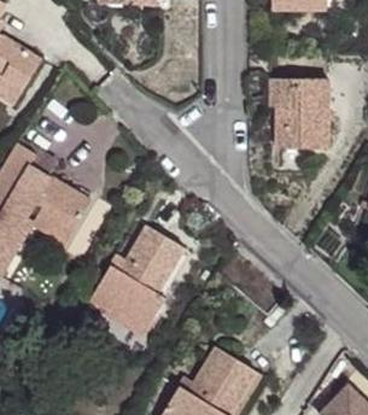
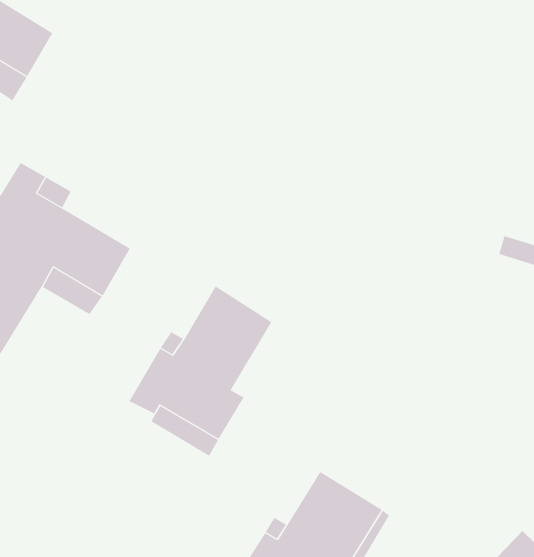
building: [271,78,328,148] -> none

